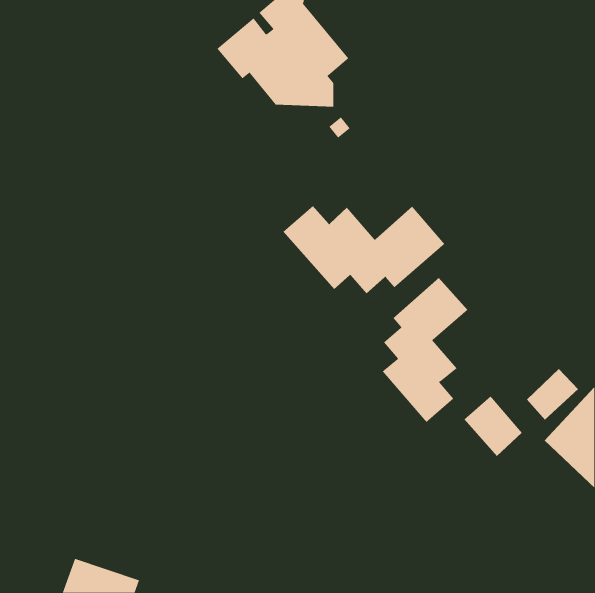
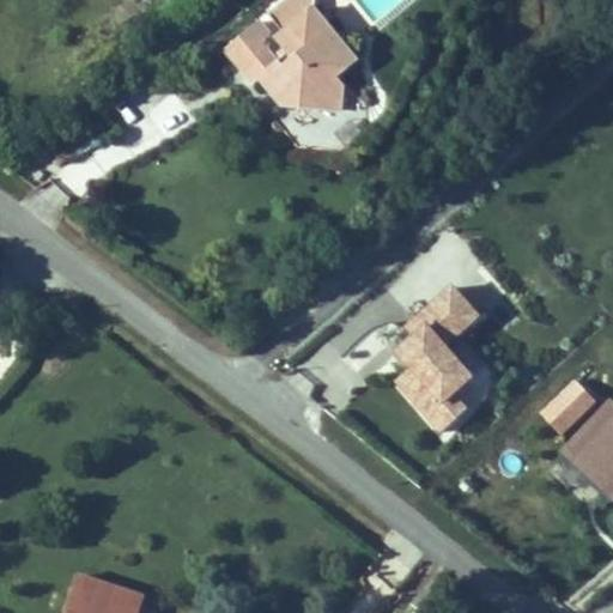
building: [283,205,445,294] -> none
building: [463,395,523,457] -> none

